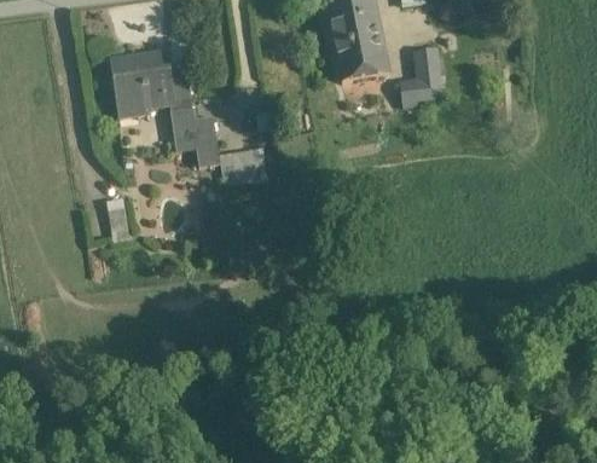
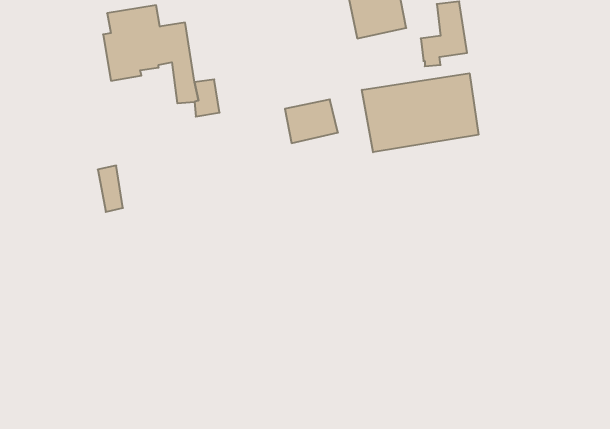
building: none -> [362,73,478,152]
building: [219,146,267,186] -> [285,99,338,143]

